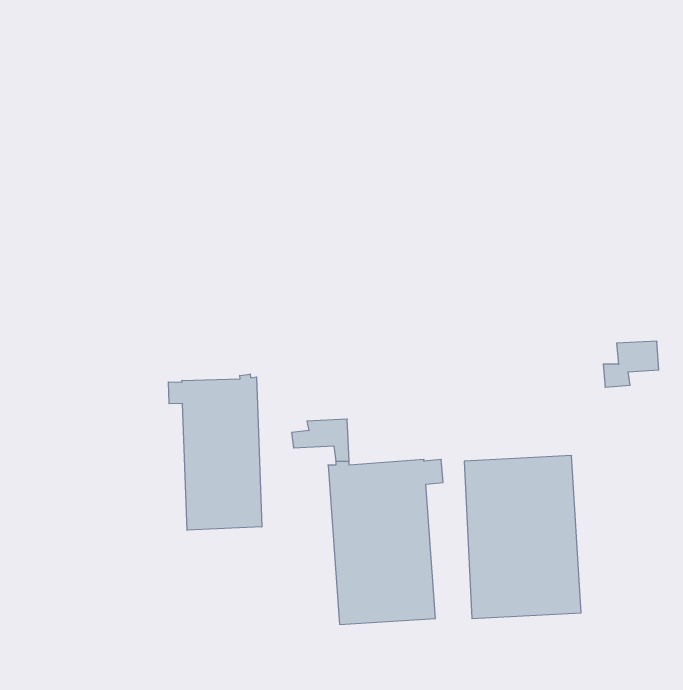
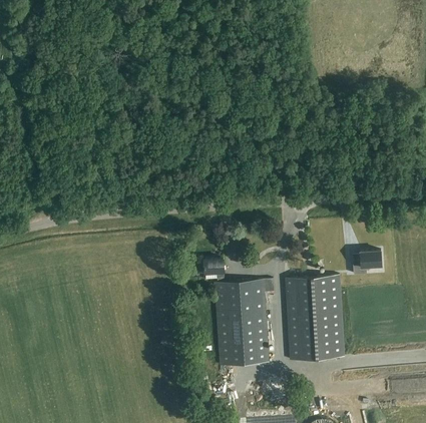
building: [603,341,659,387] -> [353,249,382,273]
building: [169,374,262,530] -> none

